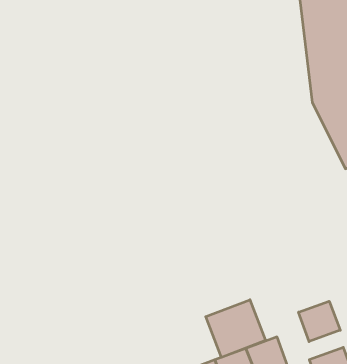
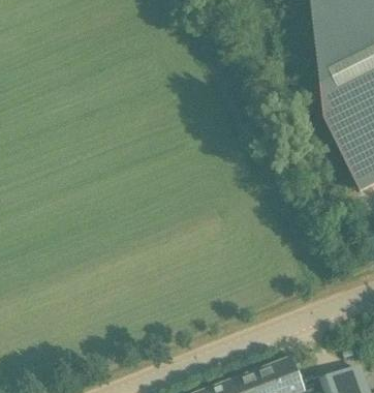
building: [206,300,266,357] -> none
building: [299,301,340,342] -> none

